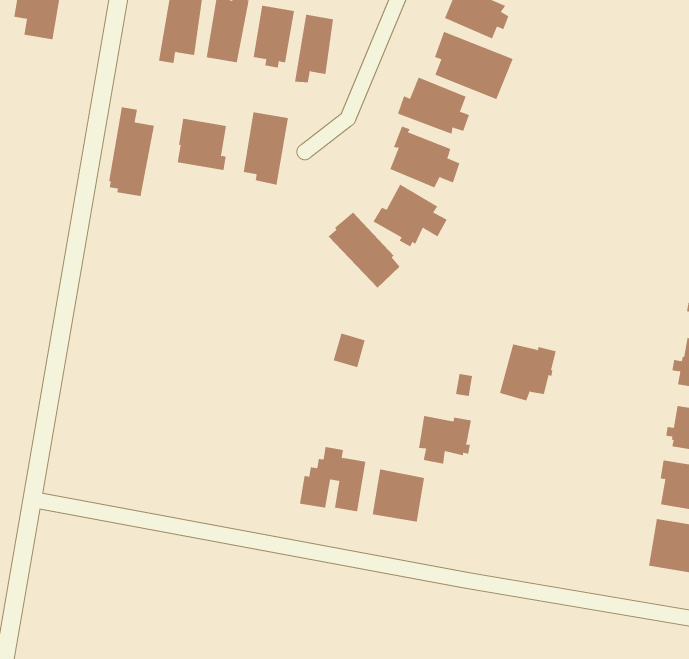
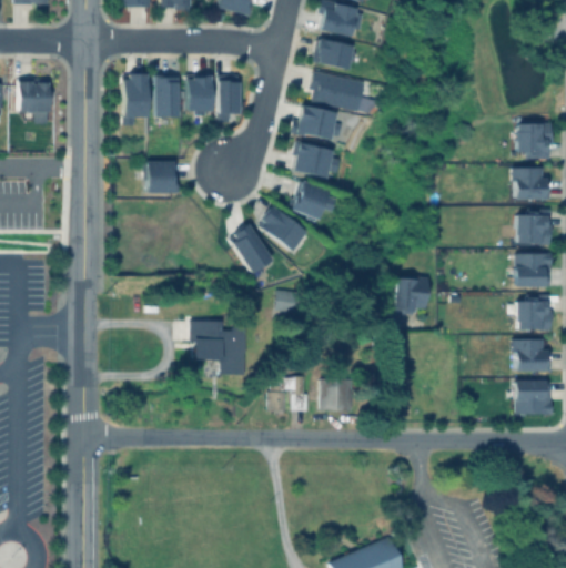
building: [109,106,154,197] -> none
building: [243,112,288,186] -> none
building: none -> [229,225,272,274]
building: none -> [191,323,249,376]
building: [418,415,471,465] -> none

